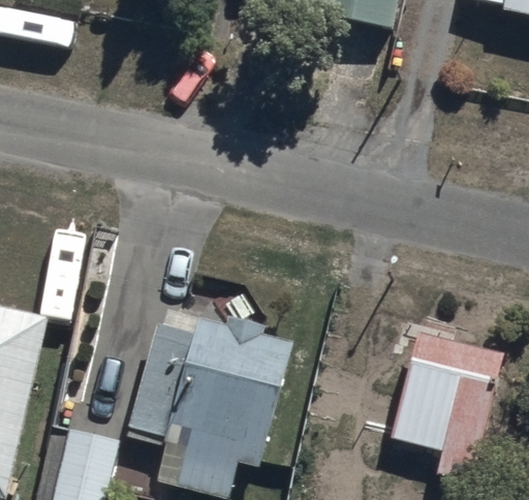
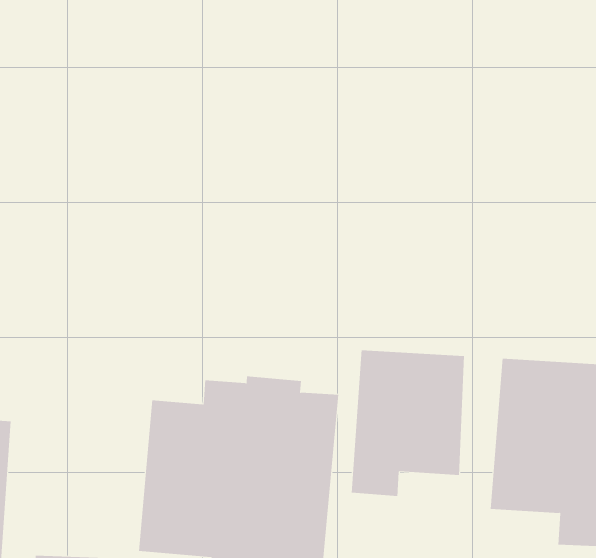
building: none -> [351,349,465,497]

